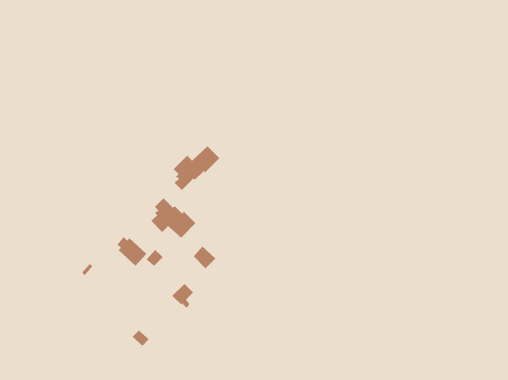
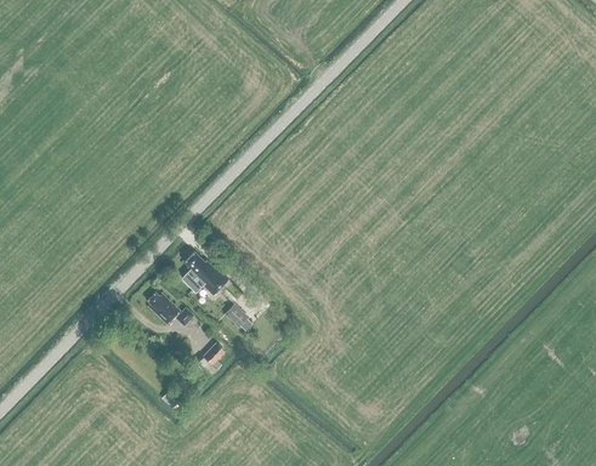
building: [173,145,220,191] -> none

